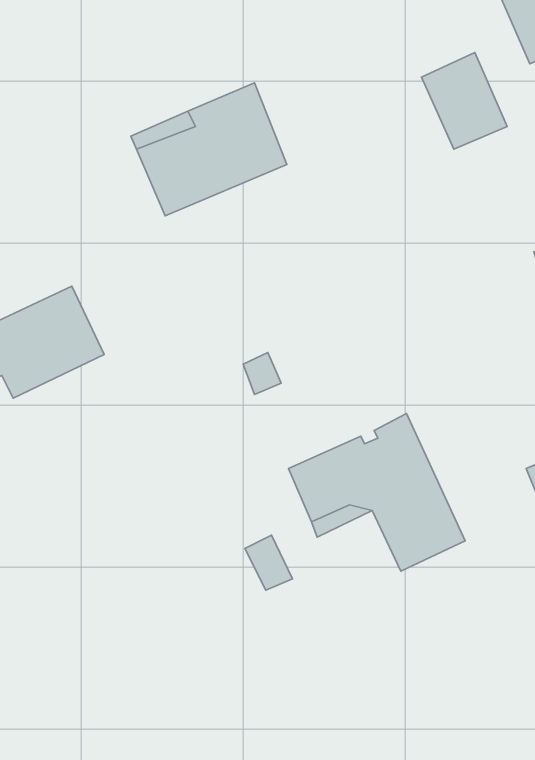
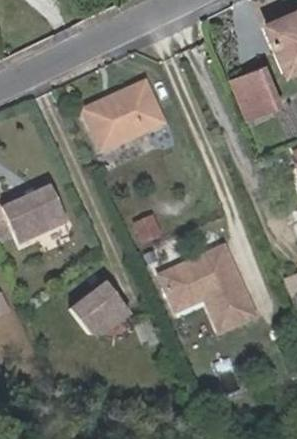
building: none -> [71,281,131,335]

